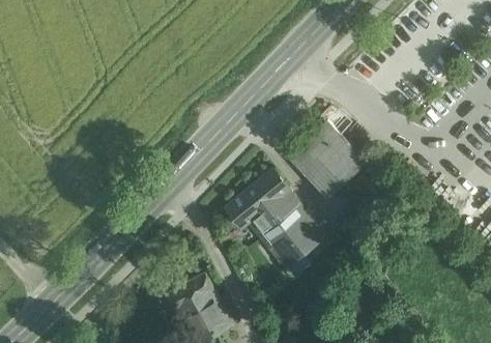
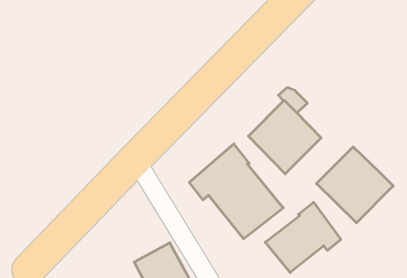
building: none -> [316,147,393,223]
building: none -> [265,202,341,273]

